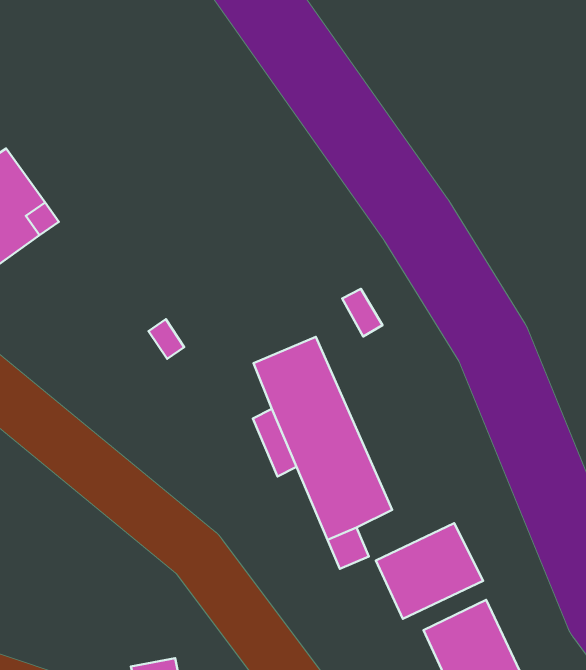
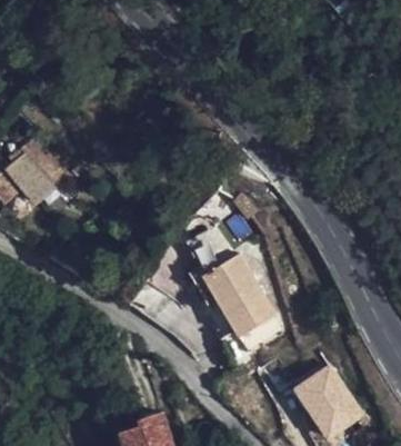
building: [376,523,483,619] -> none

